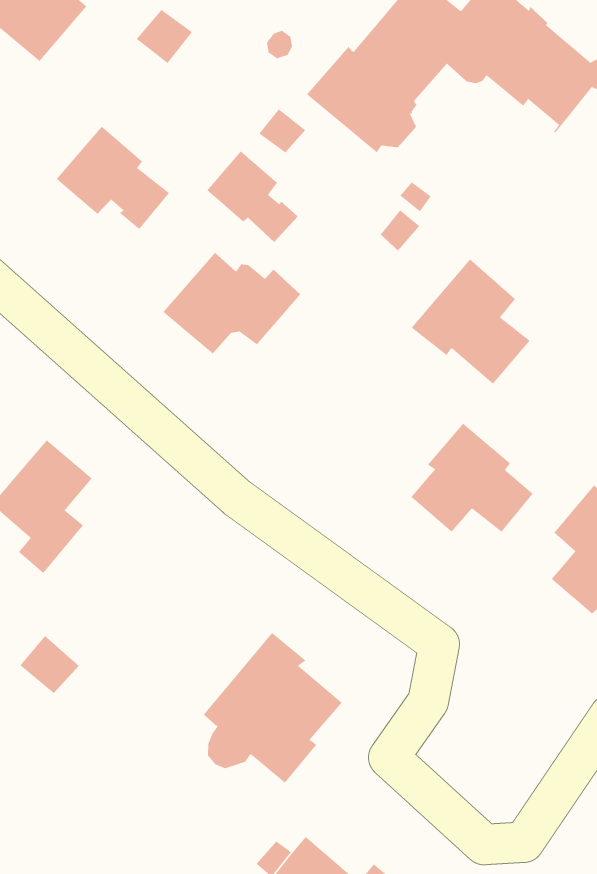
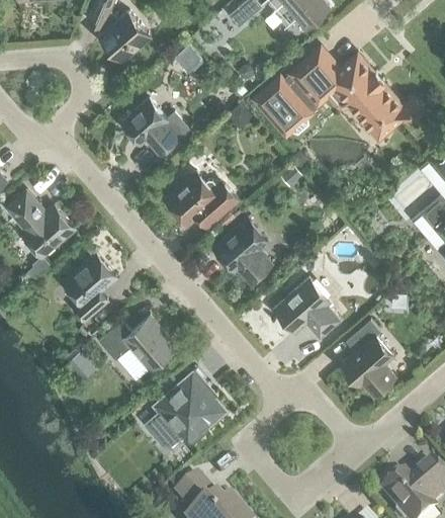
building: [206,151,298,243] -> none
building: [411,258,530,384] -> [211,217,271,282]
building: none -> [97,315,175,369]

